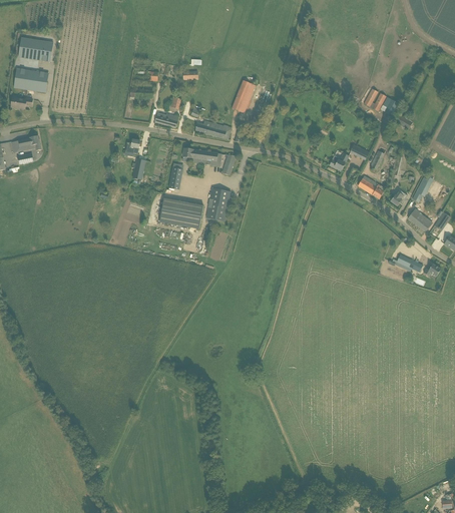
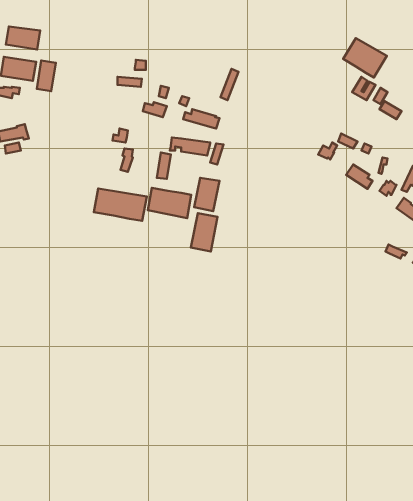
building: none -> [343,38,387,77]
building: none -> [37,60,56,91]
building: none -> [94,189,147,221]
building: none -> [191,213,218,251]

